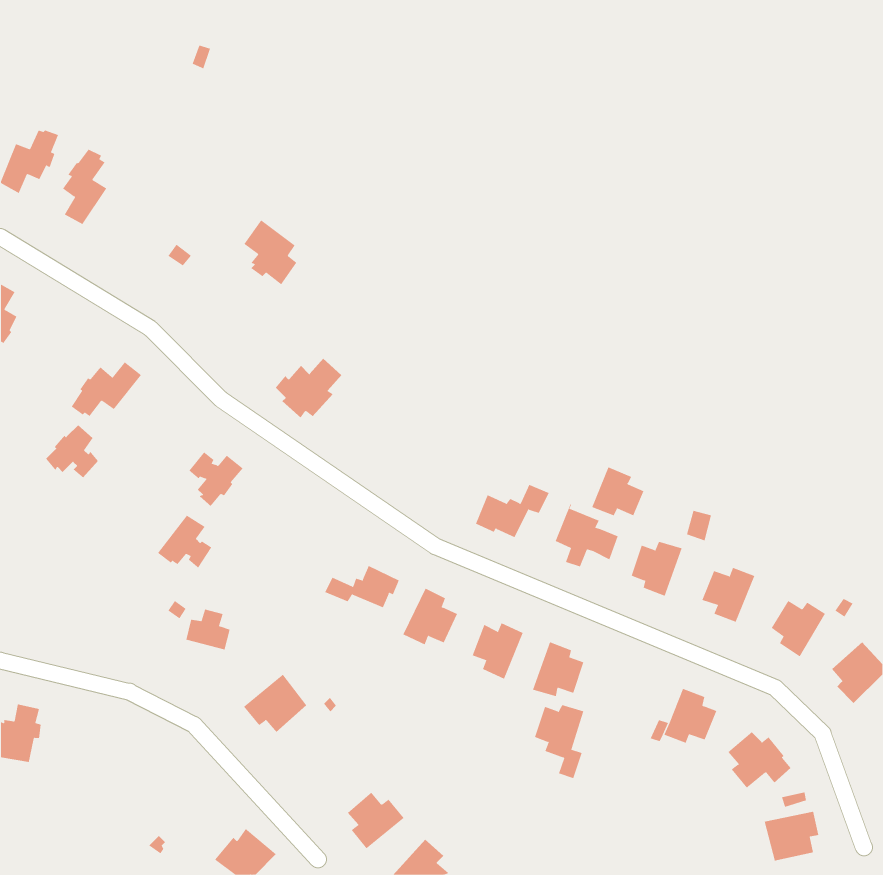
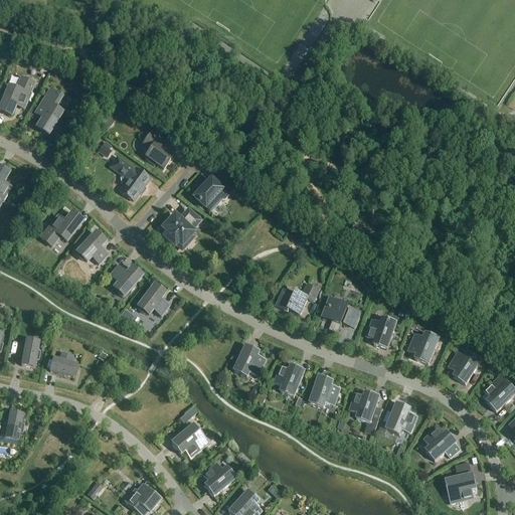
building: none -> [112,155,149,198]
building: none -> [194,172,234,204]
building: [45,424,99,478] -> [76,230,108,262]
building: [591,467,644,516] -> none
building: [157,515,212,568] -> [137,283,169,314]
building: [325,565,400,608] -> none
building: none -> [17,337,40,365]
building: [185,609,230,650] -> [50,350,76,374]
building: [243,674,307,733] -> [171,421,208,456]
building: [534,704,584,779] -> [350,389,379,433]

